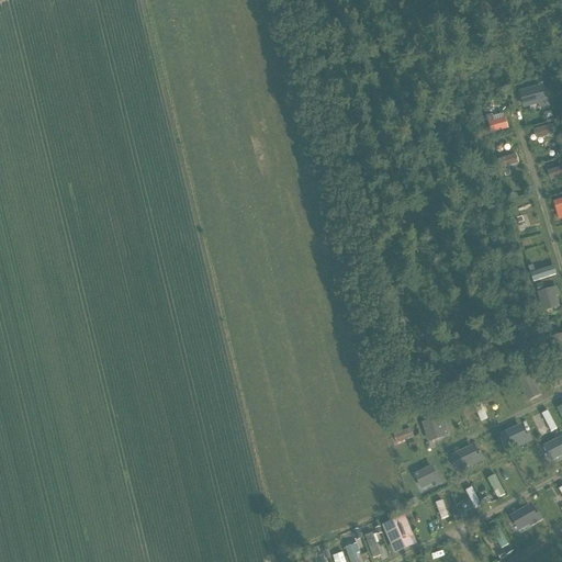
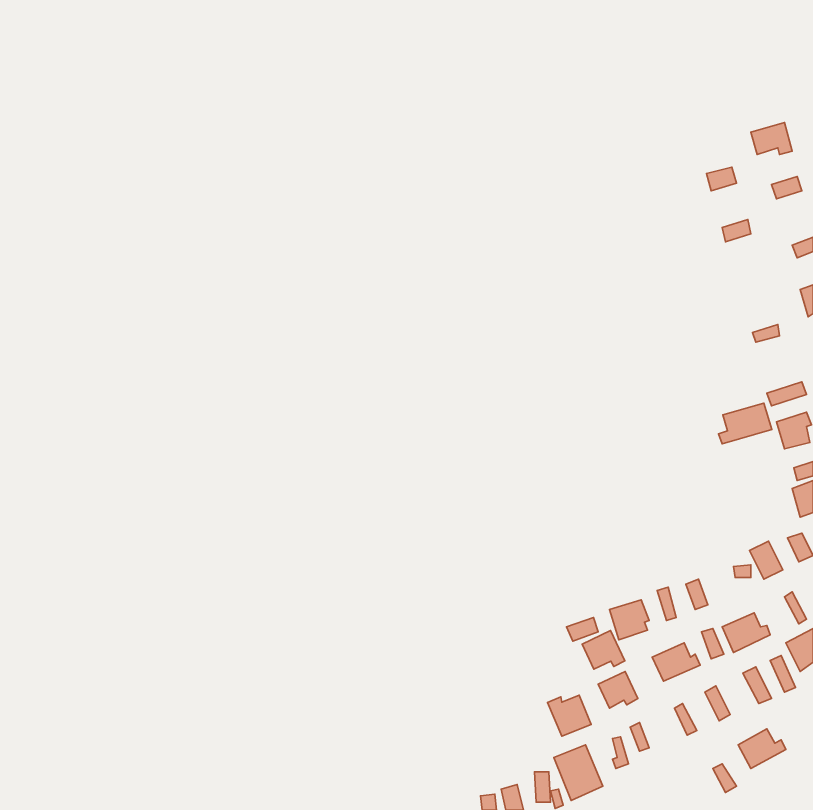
building: none -> [719,403,772,444]
building: none -> [582,631,625,669]
building: none -> [548,695,591,736]

